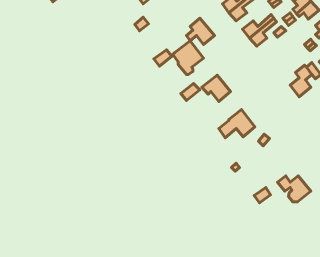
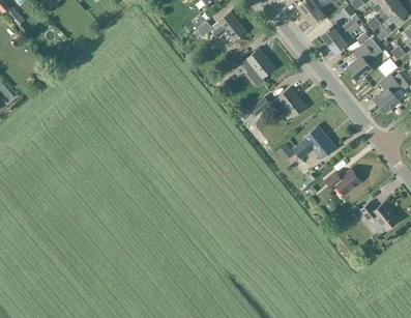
building: [186,18,214,44] -> [214,11,246,41]
building: none -> [348,37,382,80]
building: none -> [325,169,361,195]

